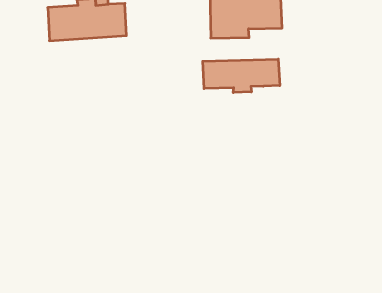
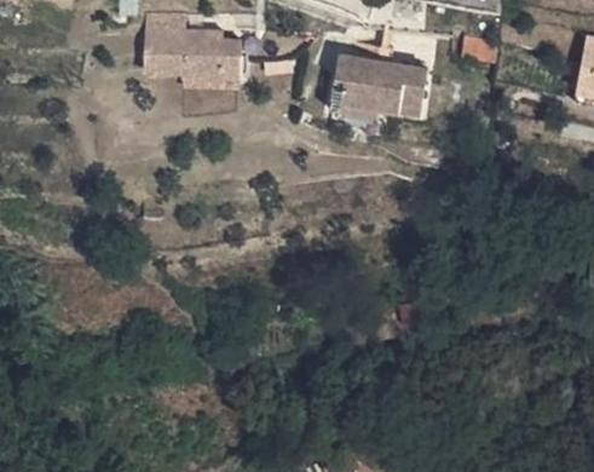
building: [203,59,280,93] -> none

